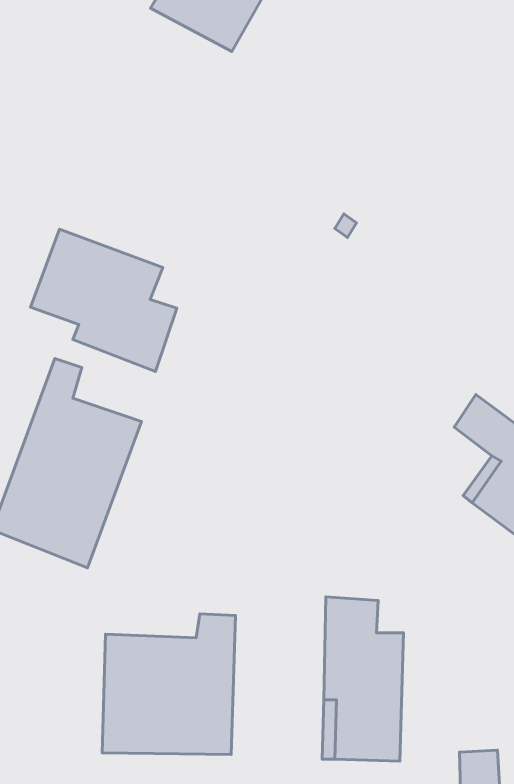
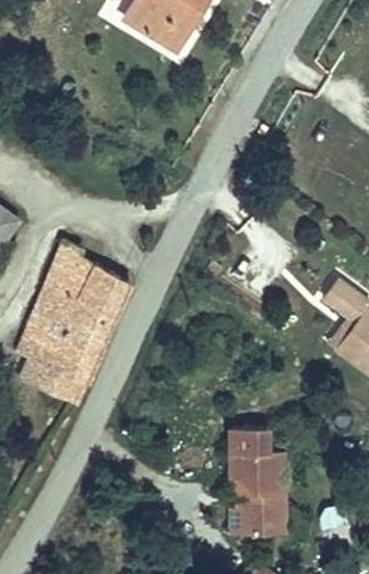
building: [31,229,177,372] -> none
building: [102,614,235,755] -> none

